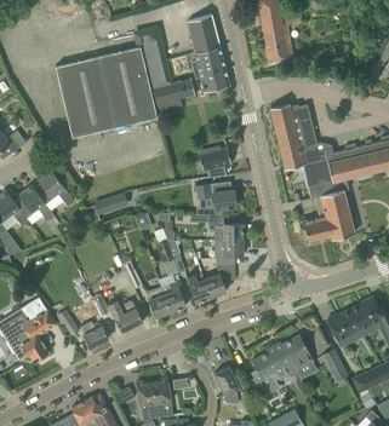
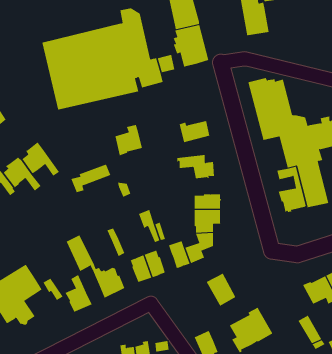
building: none -> [115,124,143,156]
building: [282,334,314,369] -> [206,273,236,306]

